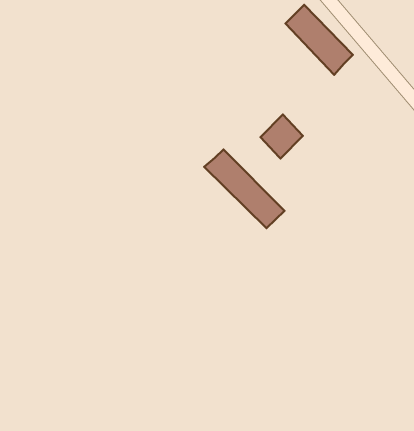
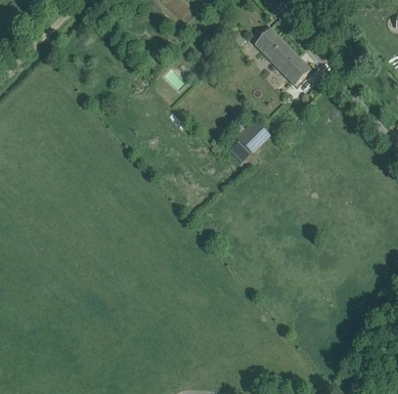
building: [204,150,285,228] -> none

